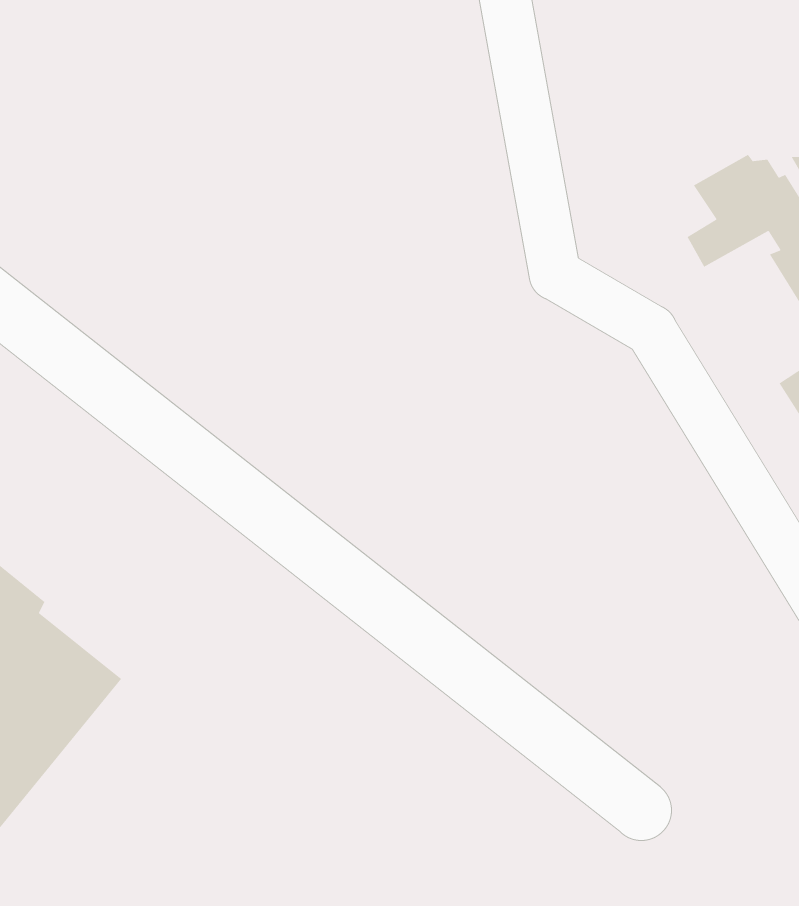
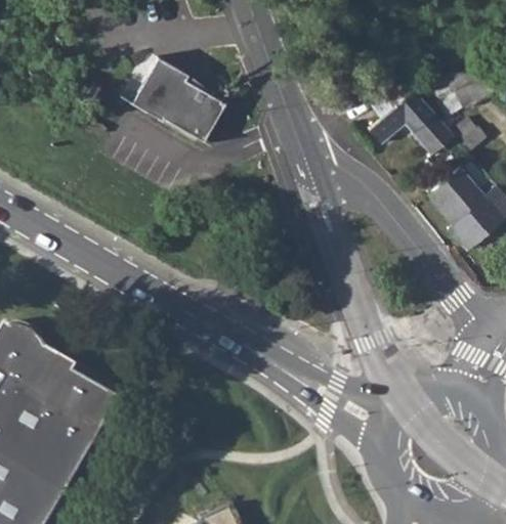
building: none -> [135,56,228,140]

